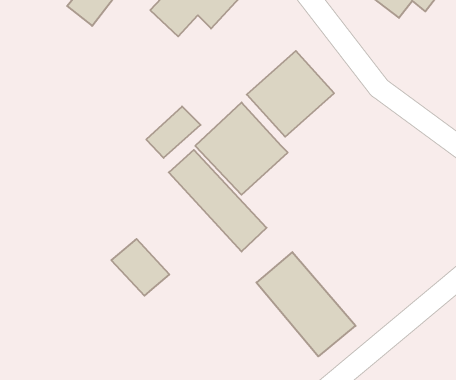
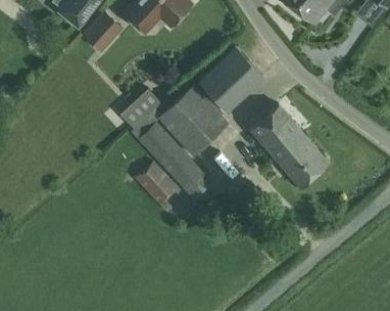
building: none -> [83,14,120,51]
building: [111,239,169,296] -> [134,163,179,207]
building: [256,252,356,356] -> [251,106,328,187]

